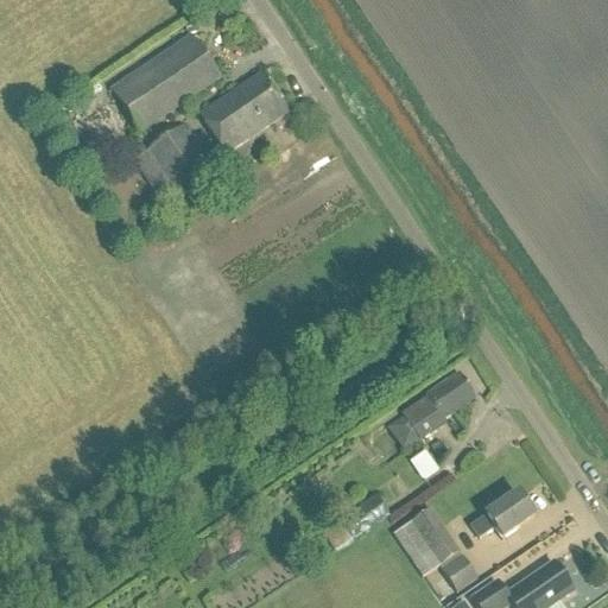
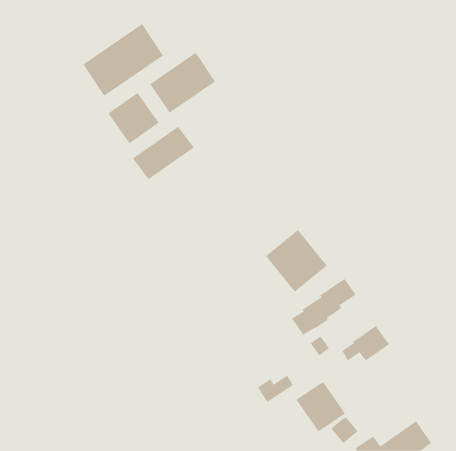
building: none -> [132,126,195,180]
building: none -> [265,229,327,293]
building: [471,488,536,536] -> [341,325,390,361]

